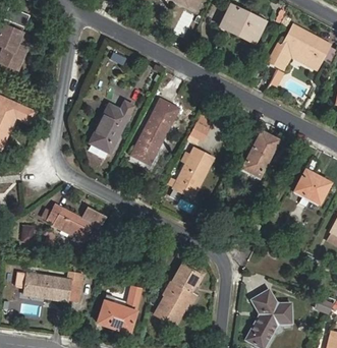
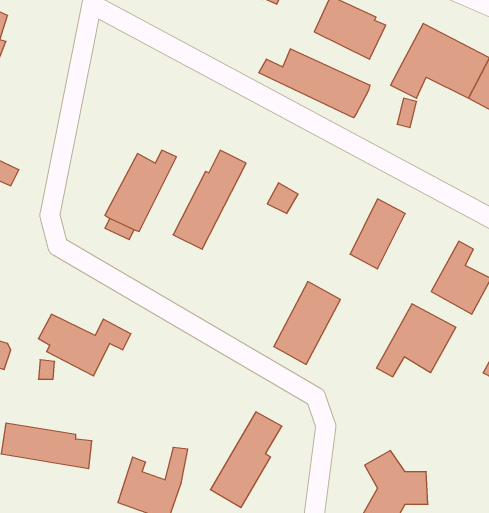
building: none -> [259,49,370,118]
building: [172,148,214,199] -> [274,282,340,364]
building: none -> [377,304,456,377]

